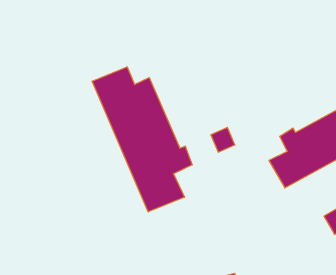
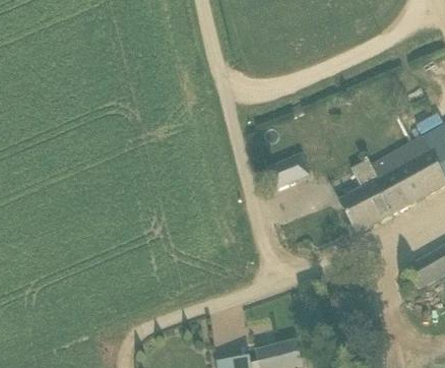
building: [92,67,192,212] -> none

